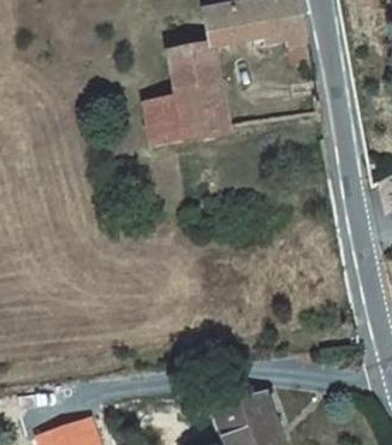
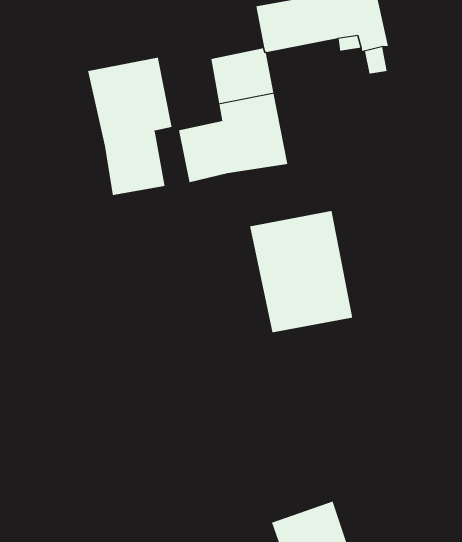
building: none -> [87,57,172,196]
building: none -> [250,210,353,333]

